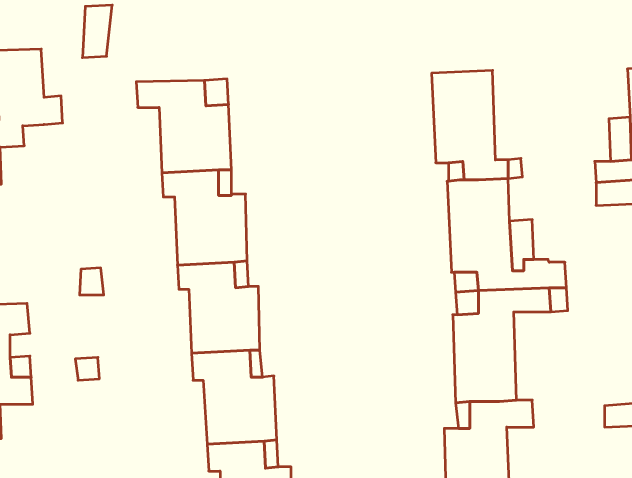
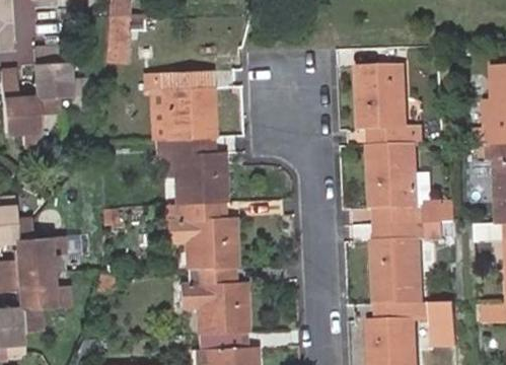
building: none -> [430,303,456,348]

